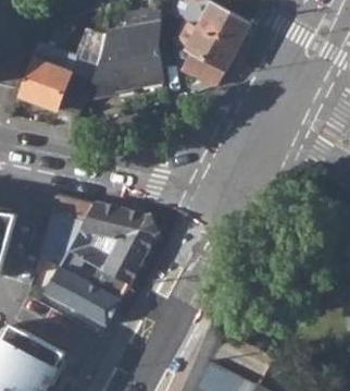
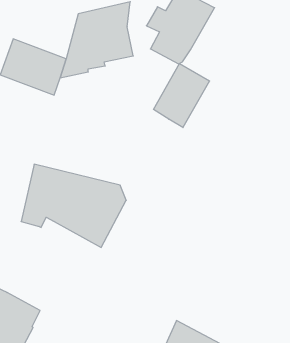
building: none -> [154,63,210,128]
building: [43,252,118,326] -> none

